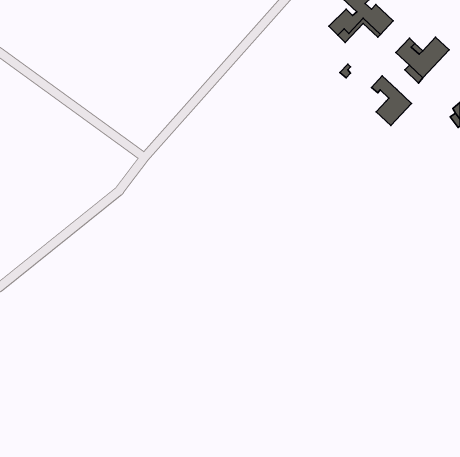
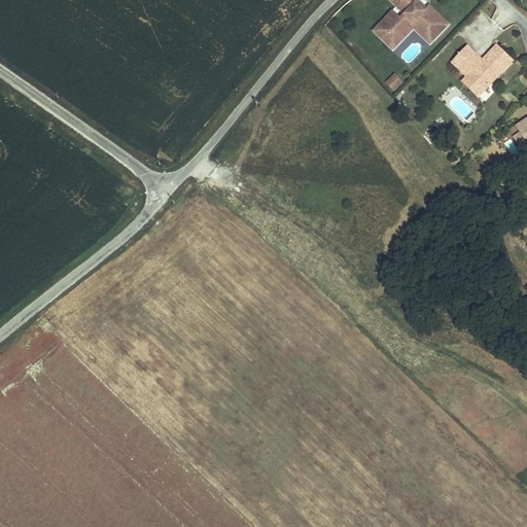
building: [371,76,412,126] -> none

